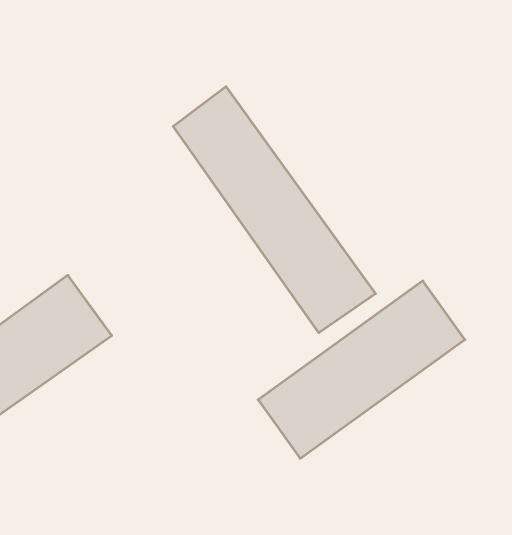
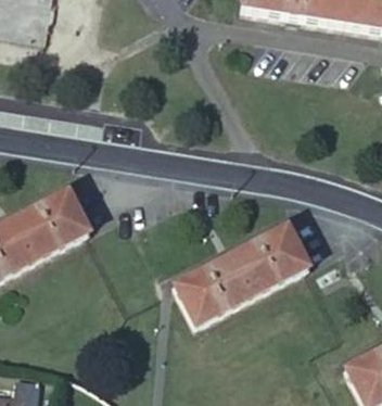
building: [173,87,376,333] -> none

